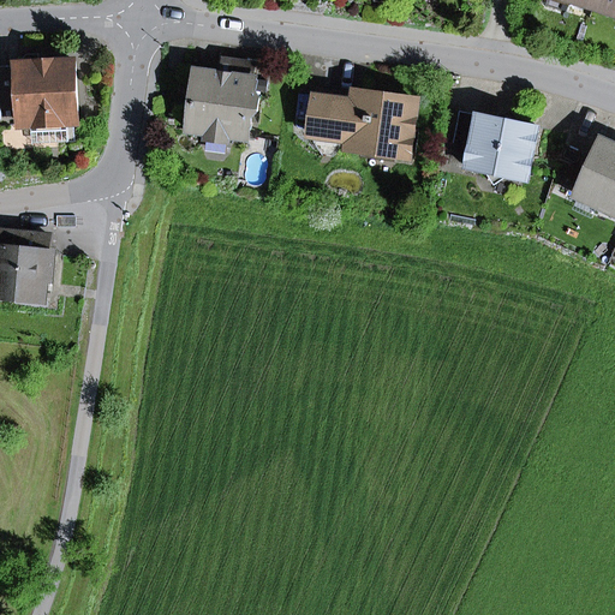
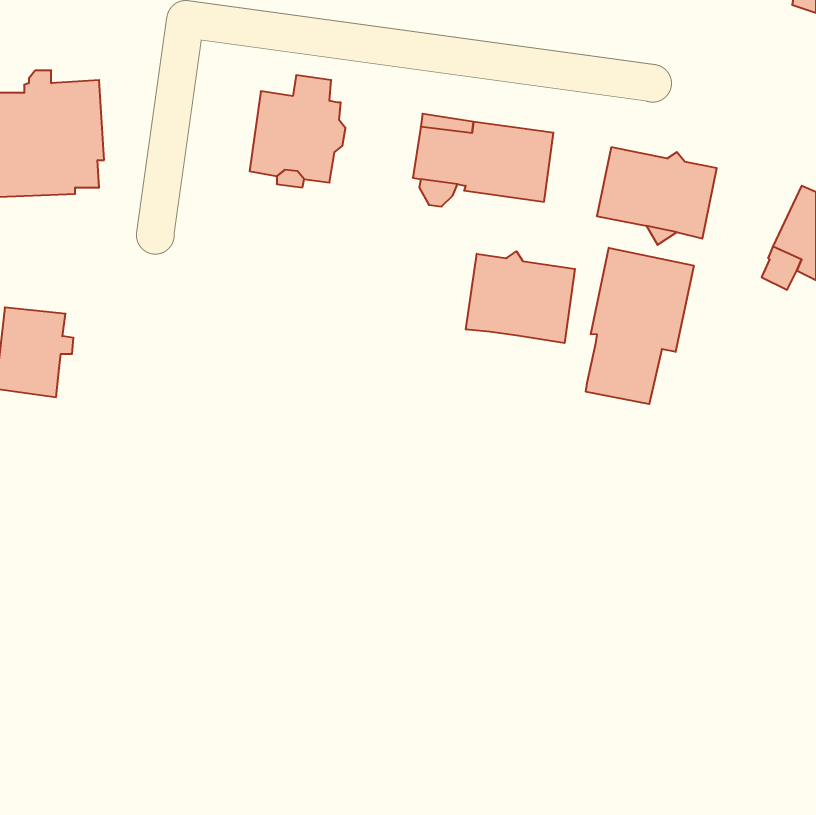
building: none -> [586,248,694,404]
building: none -> [466,251,575,343]

